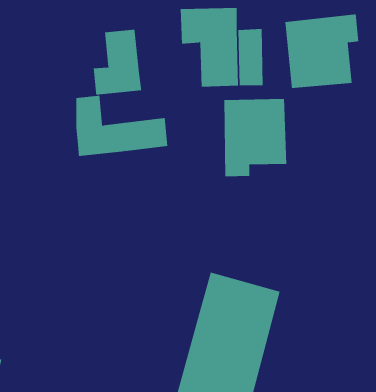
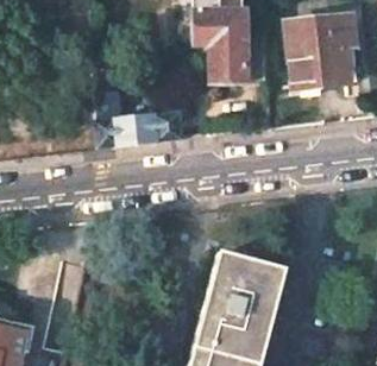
building: [93,29,142,96] -> none
building: [224,98,287,177] -> none

